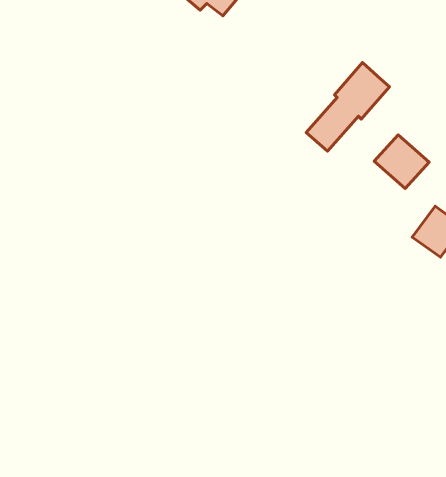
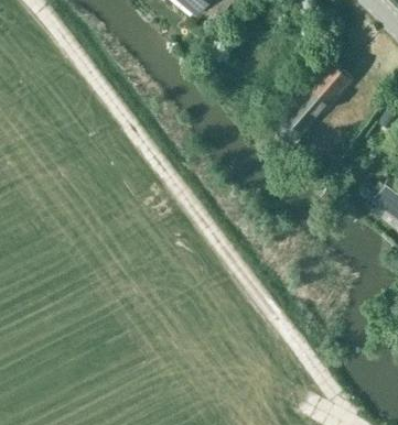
building: [374,135,429,188] -> none

